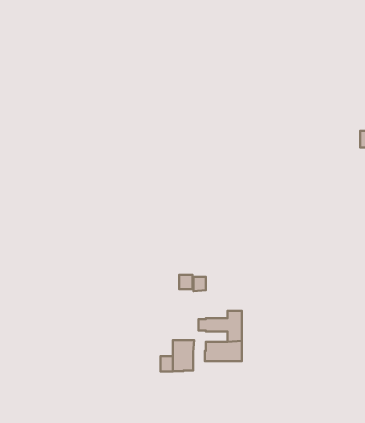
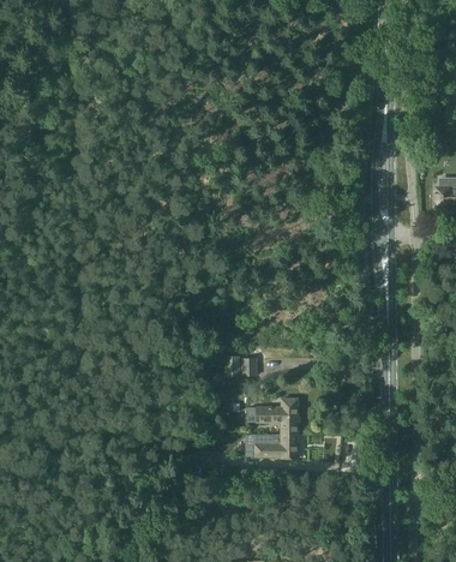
building: [173,340,194,371] -> none

